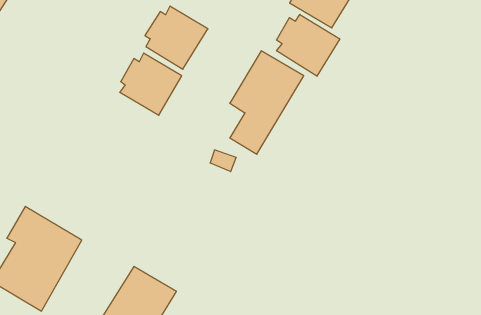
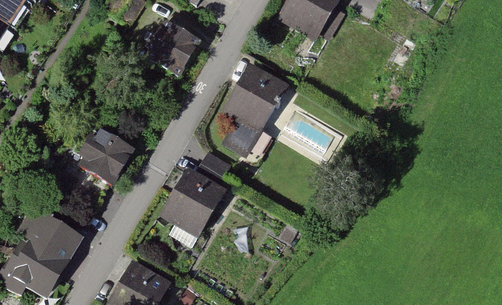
building: [276,14,340,76] -> none
building: [120,53,182,115] -> [77,129,134,186]
building: none -> [158,165,227,238]

